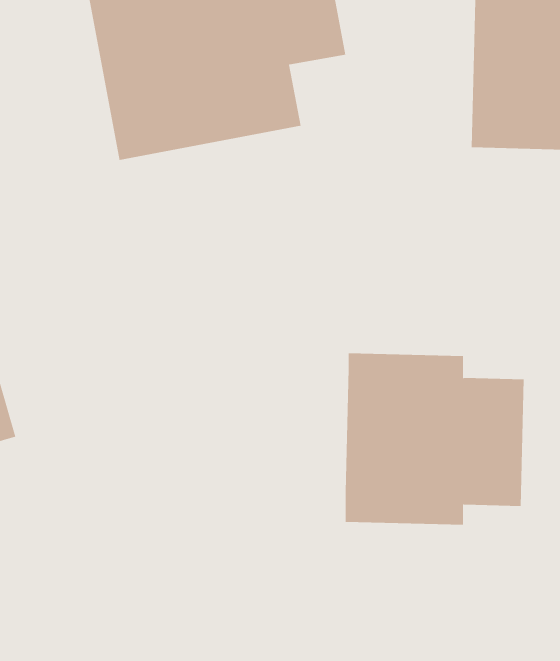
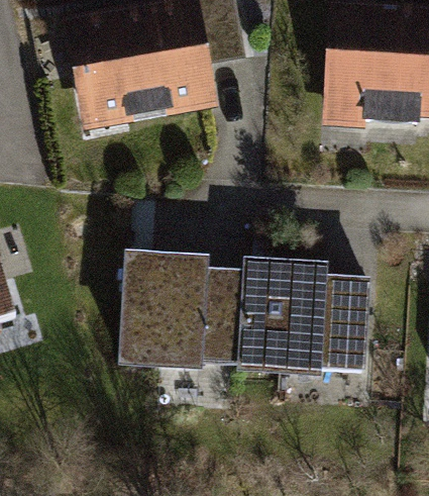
building: none -> [127,259,246,377]

